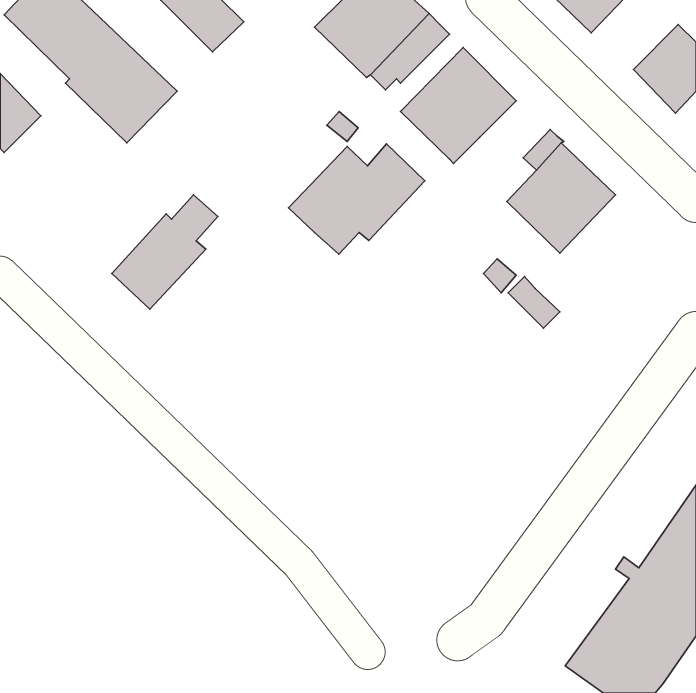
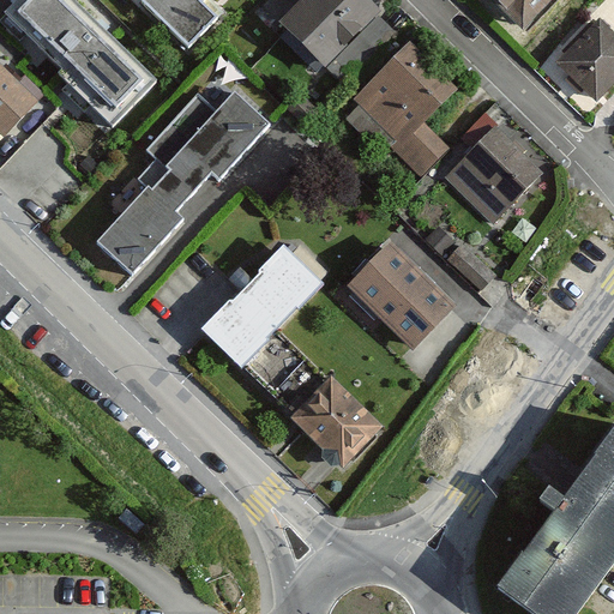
building: none -> [390,121,450,177]
building: [288,144,425,254] -> [148,94,267,191]
building: none -> [348,243,453,348]
building: none -> [199,245,380,466]

